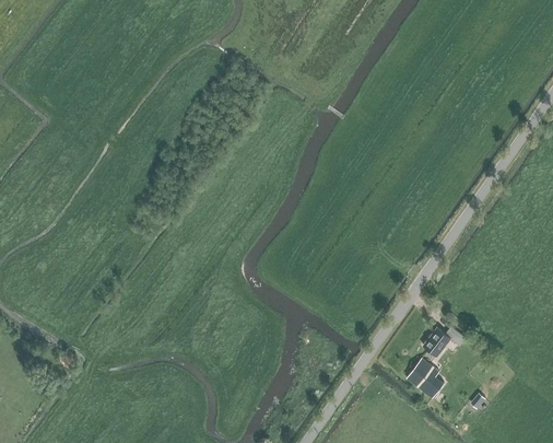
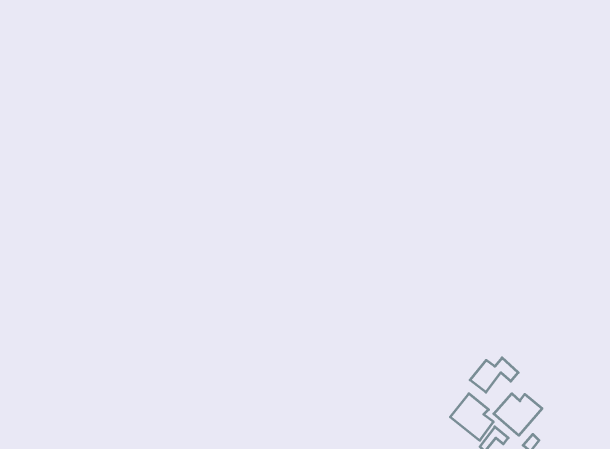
building: none -> [494,394,542,435]

